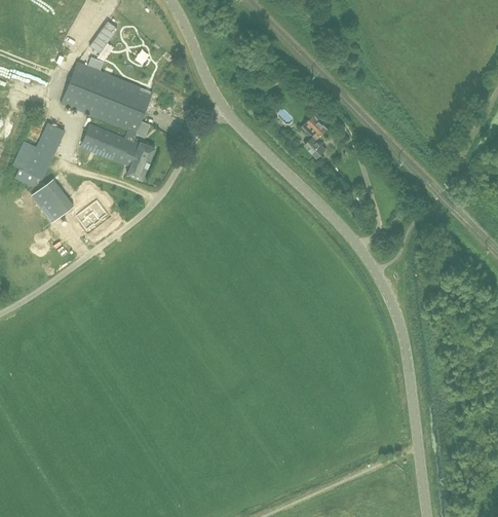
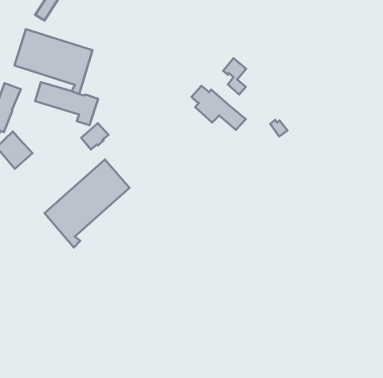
building: none -> [192,86,246,130]
building: [76,199,108,229] -> [81,123,108,150]
building: none -> [44,159,130,247]

